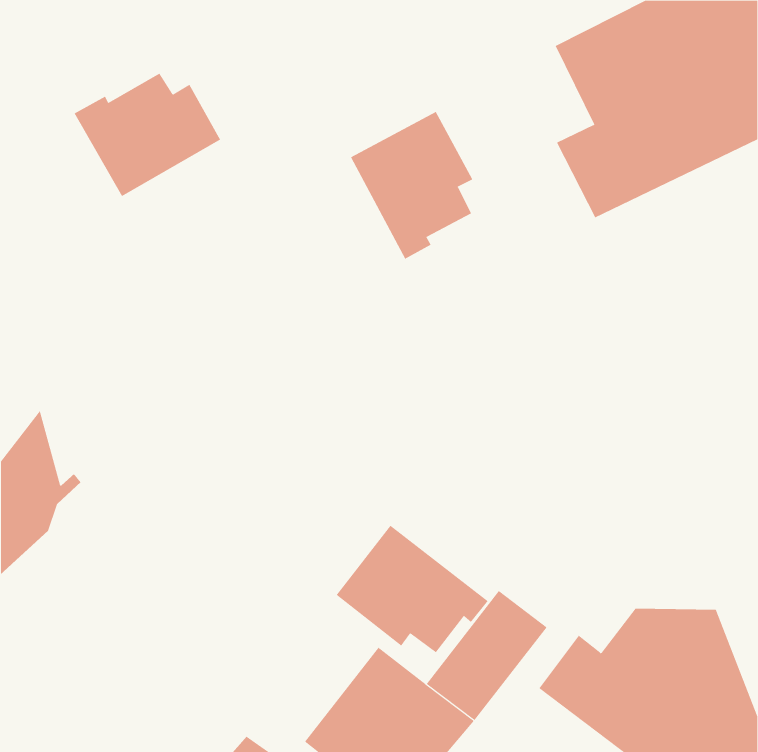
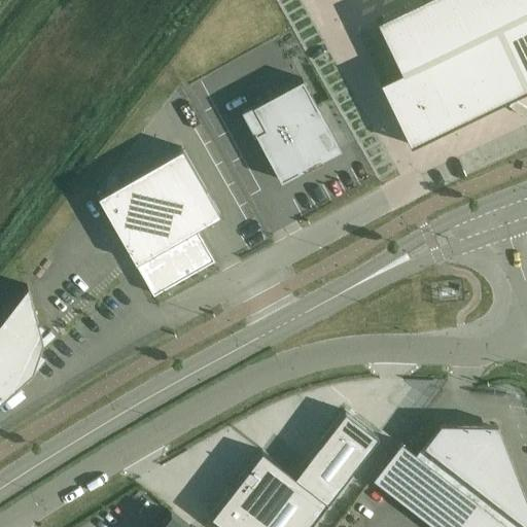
building: [74,73,221,197] -> none
building: none -> [98,151,220,297]
building: [336,525,489,653] -> none

